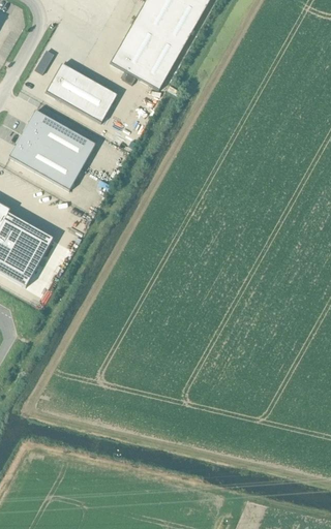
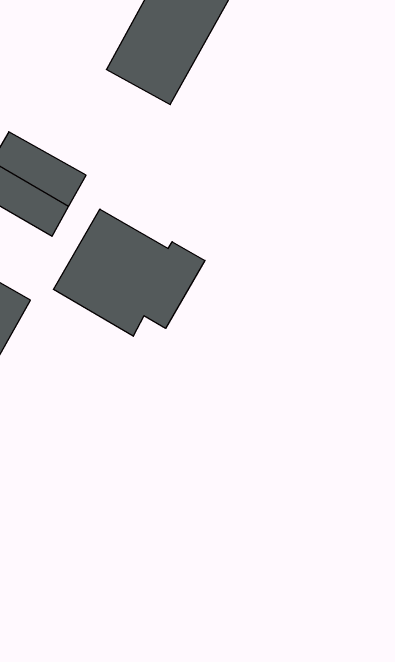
building: [46,62,117,120] -> none
building: none -> [53,209,205,336]

